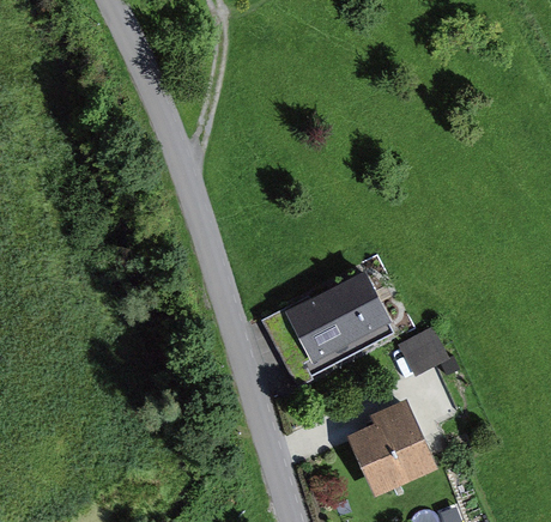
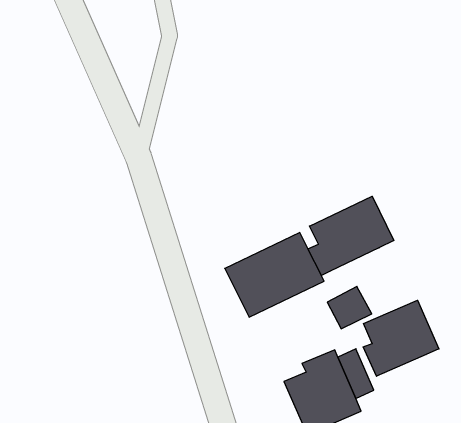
building: none -> [308,196,394,276]
building: none -> [363,300,439,376]

